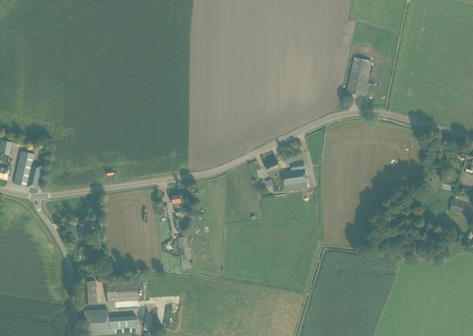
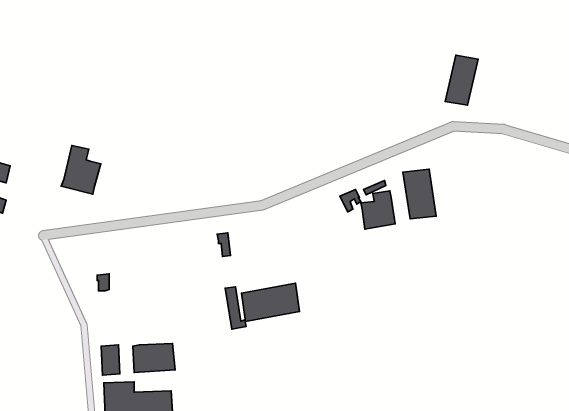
building: none -> [403,169,436,219]
building: [12,150,43,188] -> [61,145,101,194]
building: none -> [242,283,299,321]

